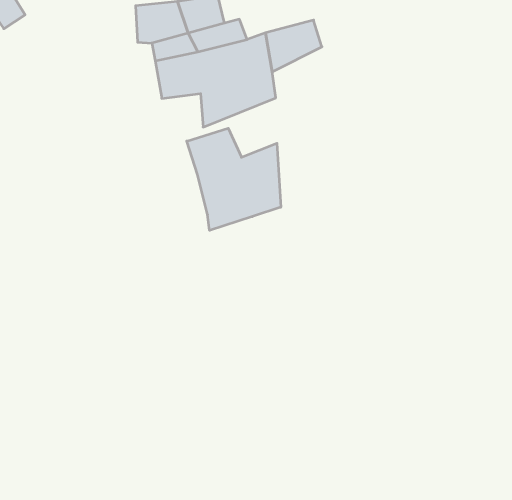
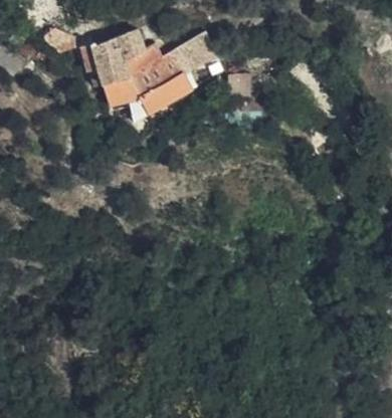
building: [187,128,281,230] -> none

